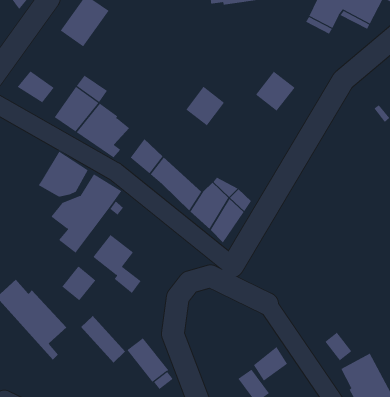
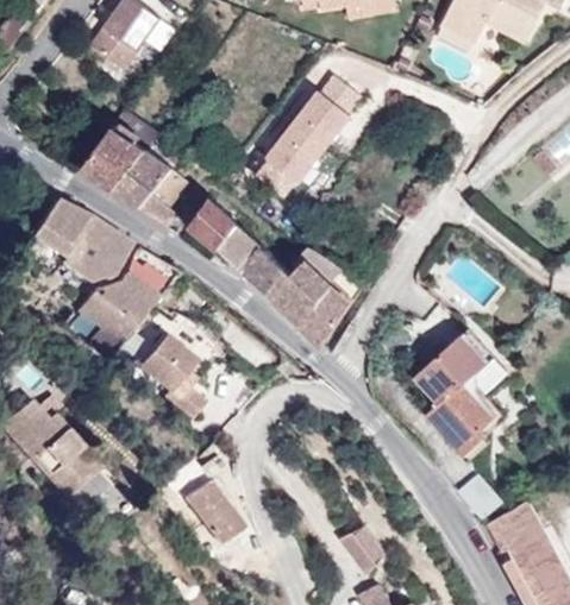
building: [17,71,54,103] -> none
building: [255,71,296,111] -> [292,90,349,147]
building: none -> [30,197,88,257]
building: none -> [414,327,505,455]
building: [61,266,96,301] -> none
building: [80,315,126,364] -> none
building: [253,346,288,381] -> none

